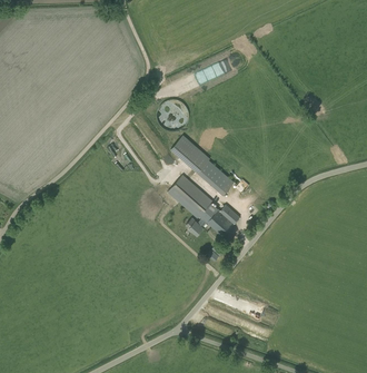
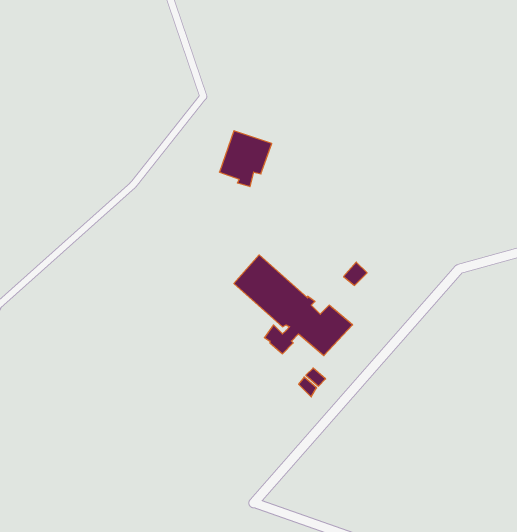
building: [168,135,231,193] -> none

